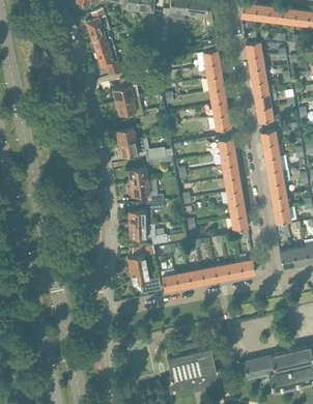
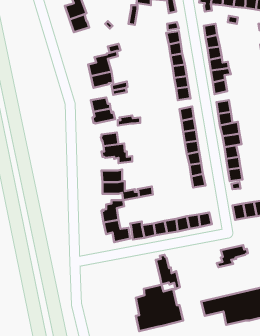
building: [95,47,121,77] -> none
building: none -> [217,245,248,267]
building: none -> [156,255,180,289]

